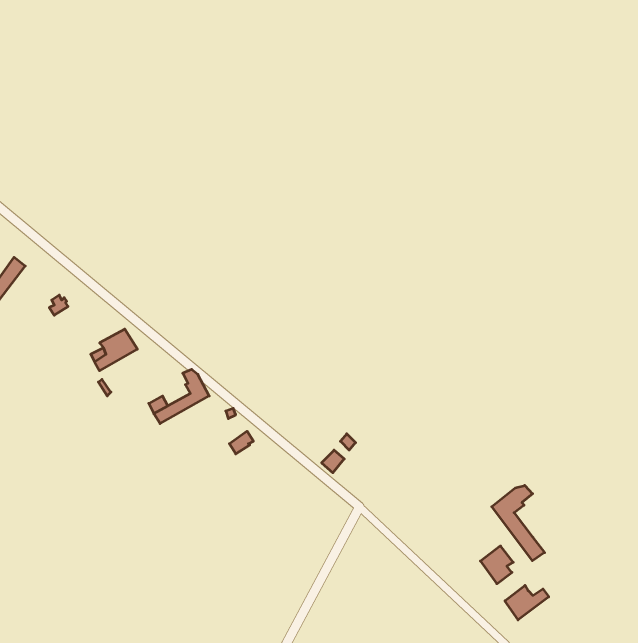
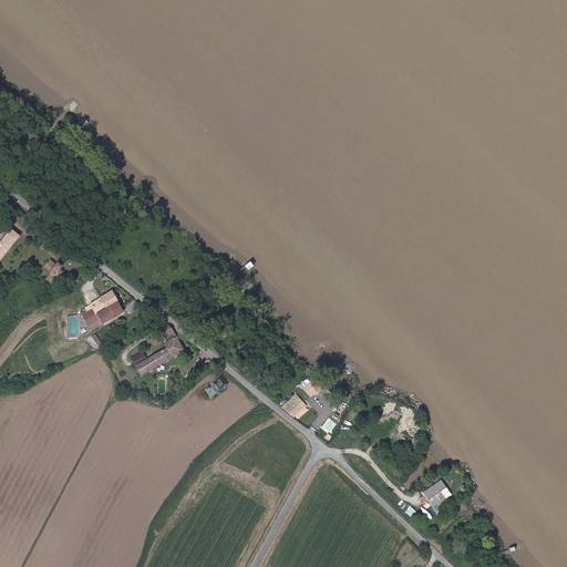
building: [492,485,545,561] -> none
building: [505,585,549,620] -> none

